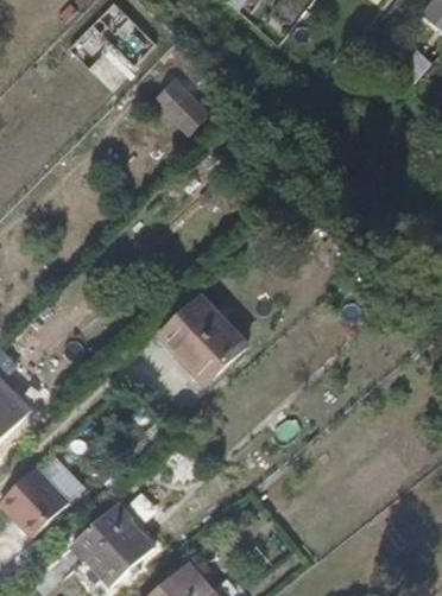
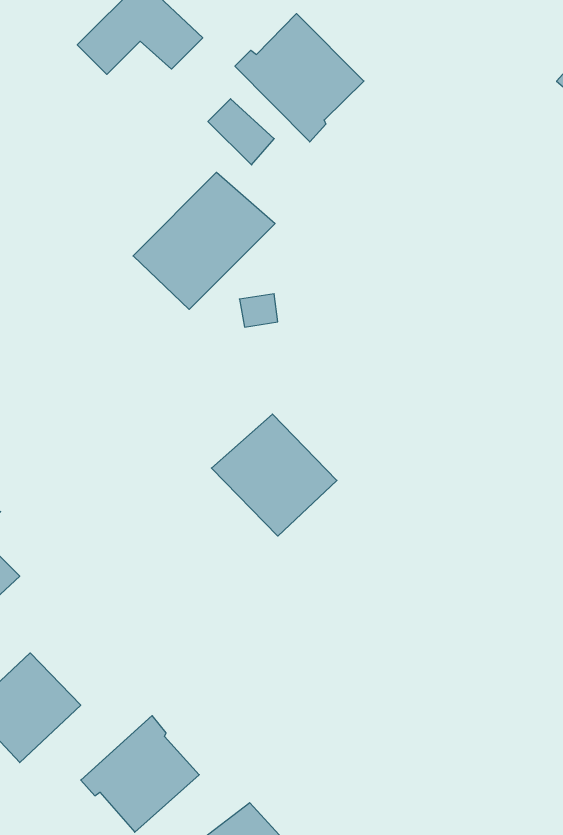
building: none -> [235,14,364,142]
building: none -> [133,172,275,309]

